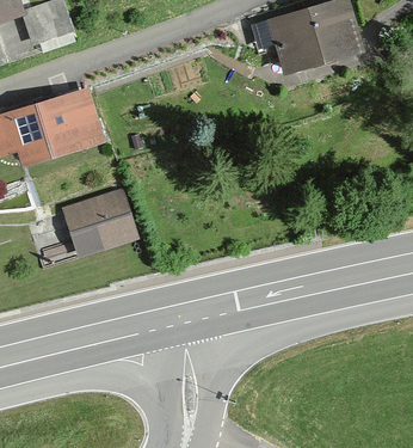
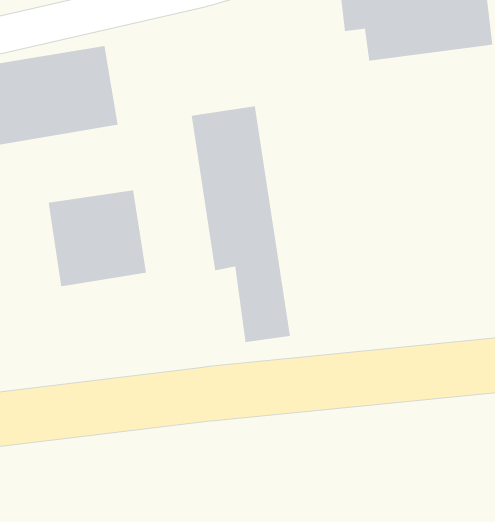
building: none -> [191,106,290,343]

